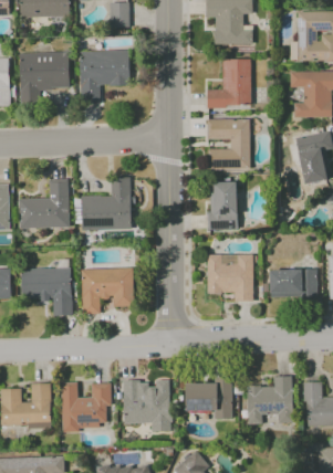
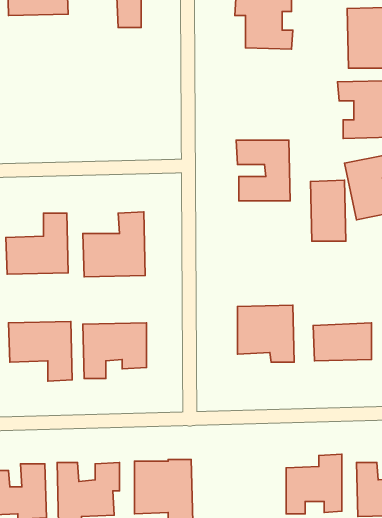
building: [80,50,131,104] -> none
building: [19,52,69,105] -> none
building: [206,60,250,106] -> none
building: [208,180,237,230] -> [310,180,346,241]
building: [185,379,232,419] -> none

